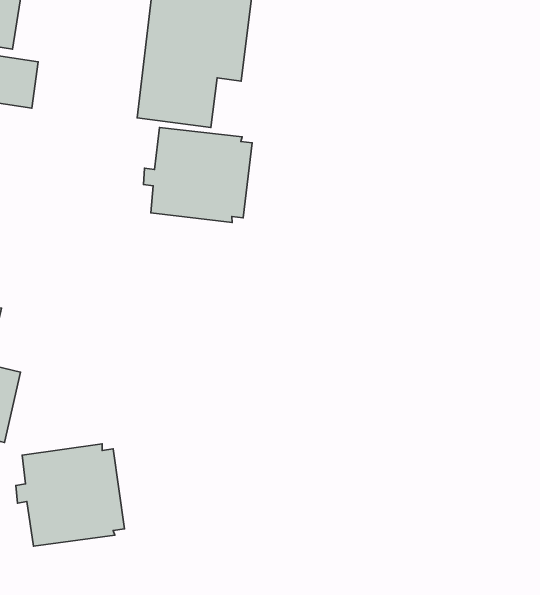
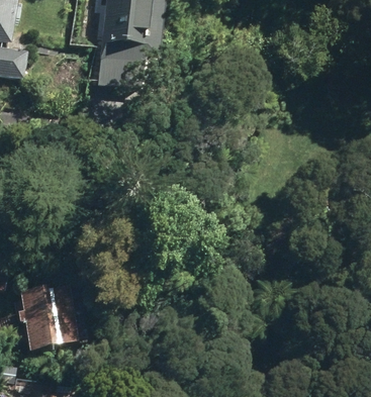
building: [144,127,252,223] -> none

